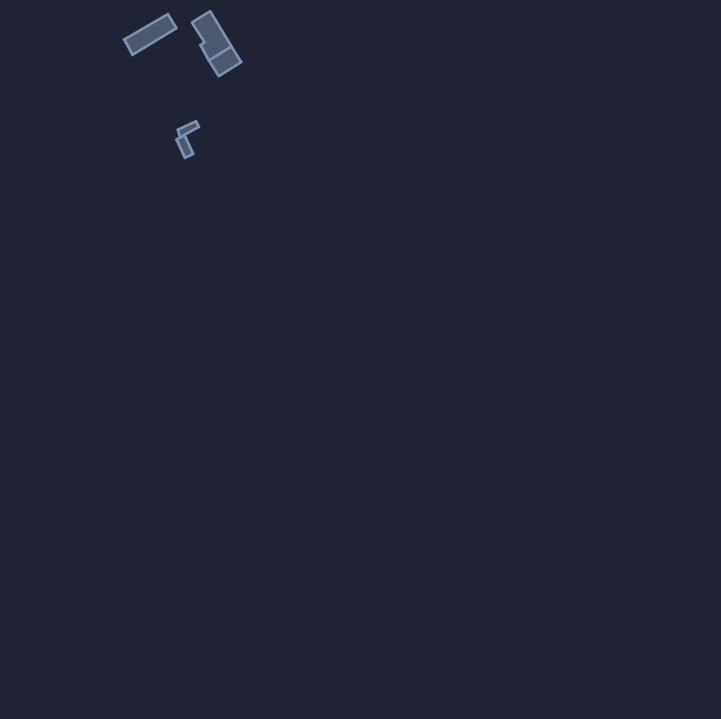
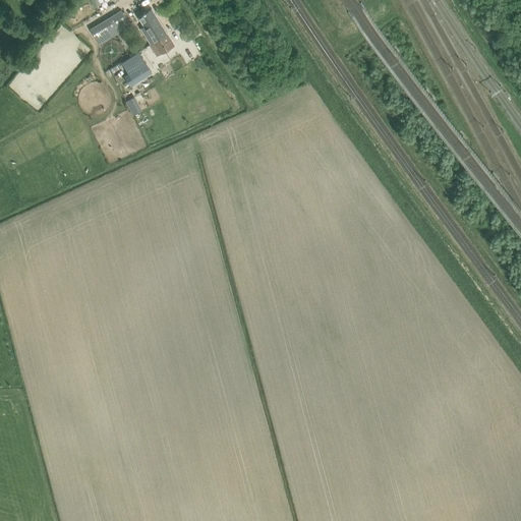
building: none -> [121,52,151,86]

